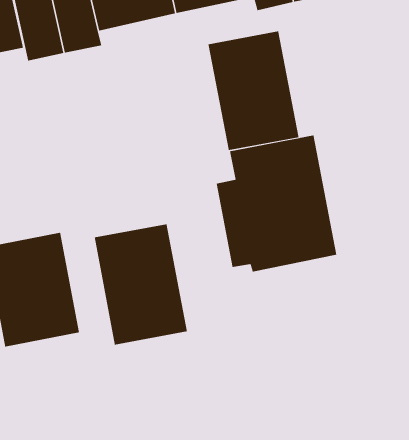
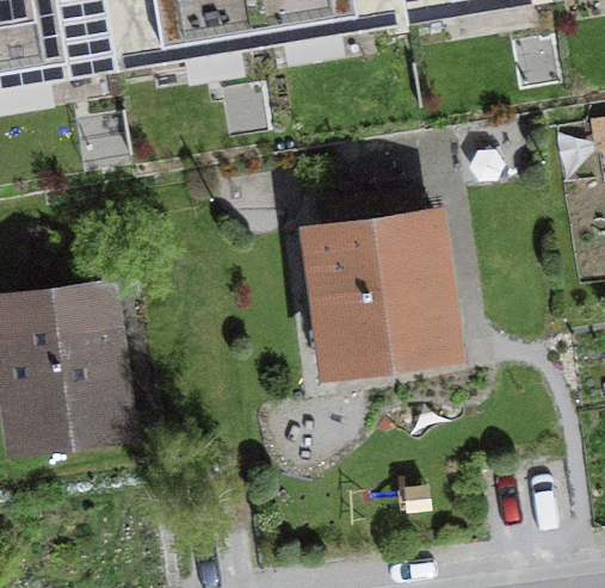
building: [208,31,299,151] -> none
building: [94,223,188,345] -> none

